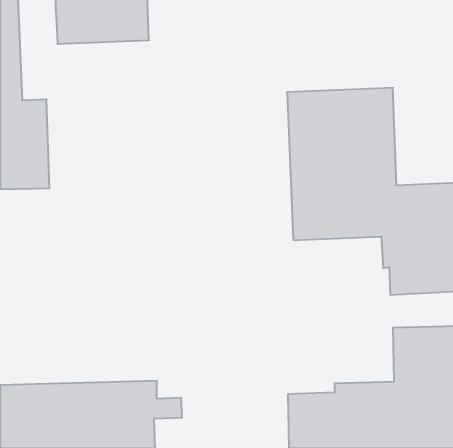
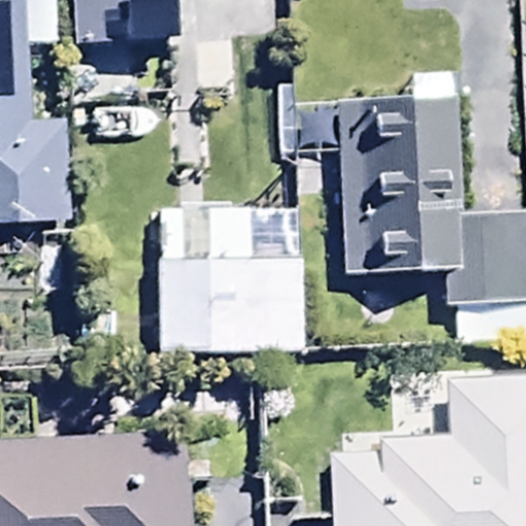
building: none -> [155,232,302,350]

